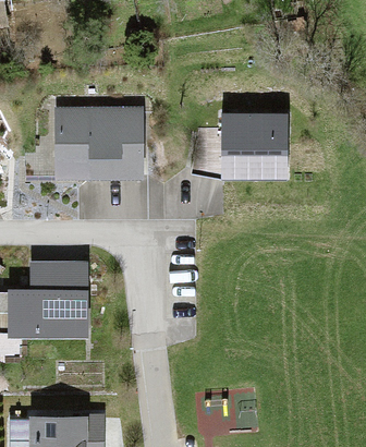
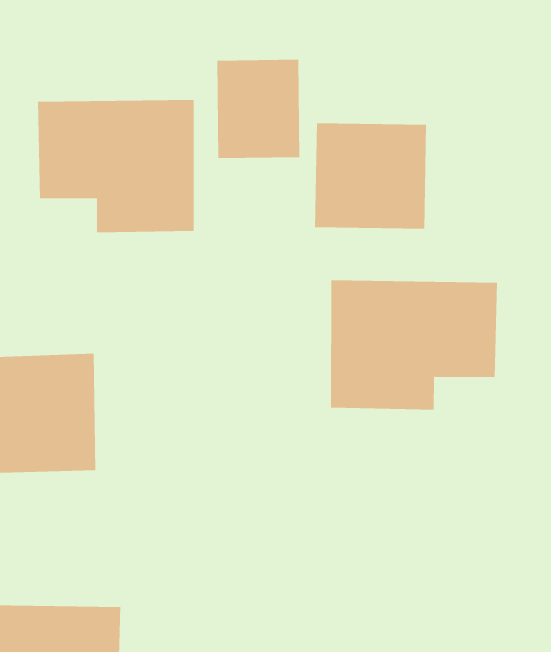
building: none -> [216,59,300,159]
building: none -> [330,279,498,411]

